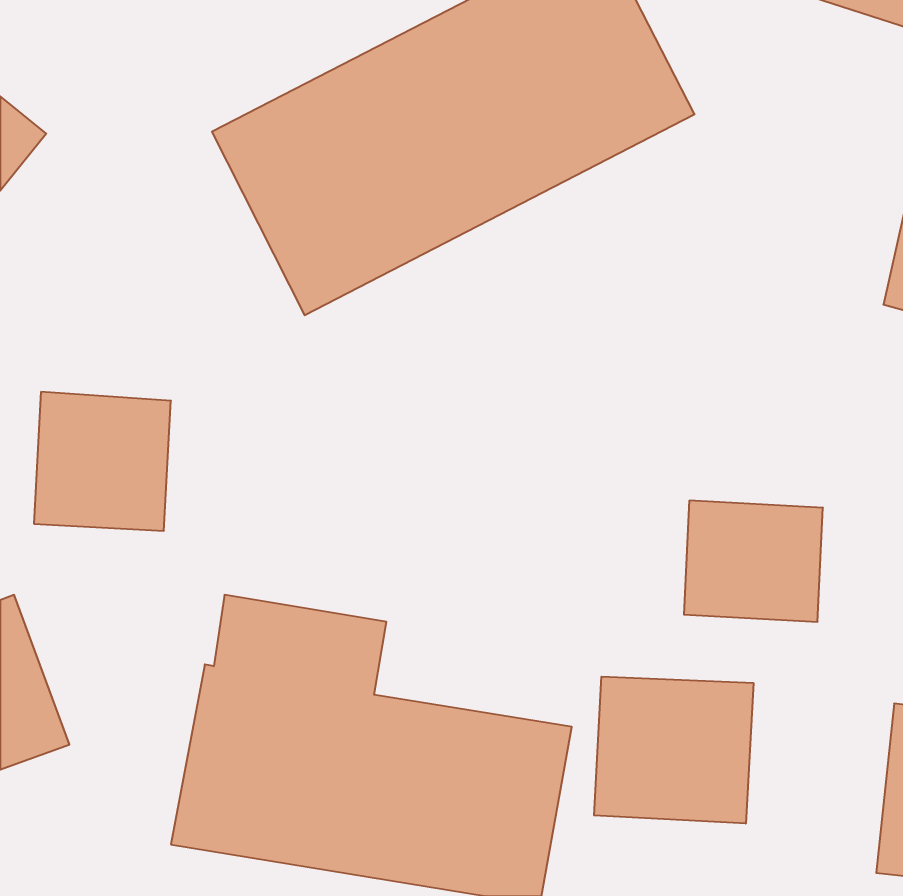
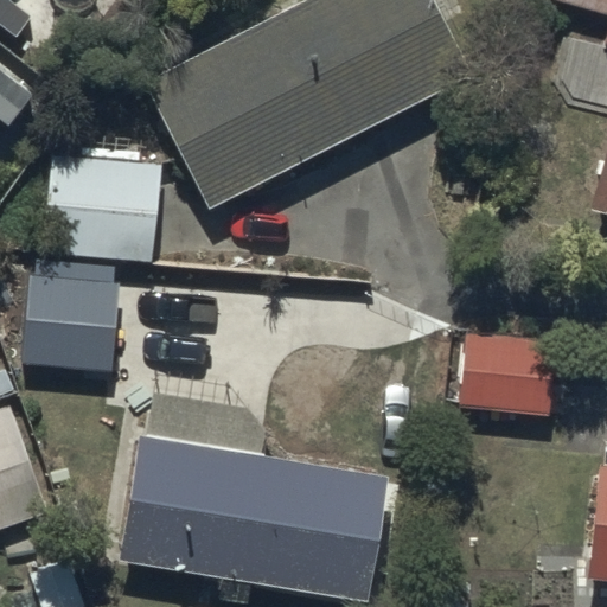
building: none -> [44,158,158,262]
building: [594,677,753,824] -> none

